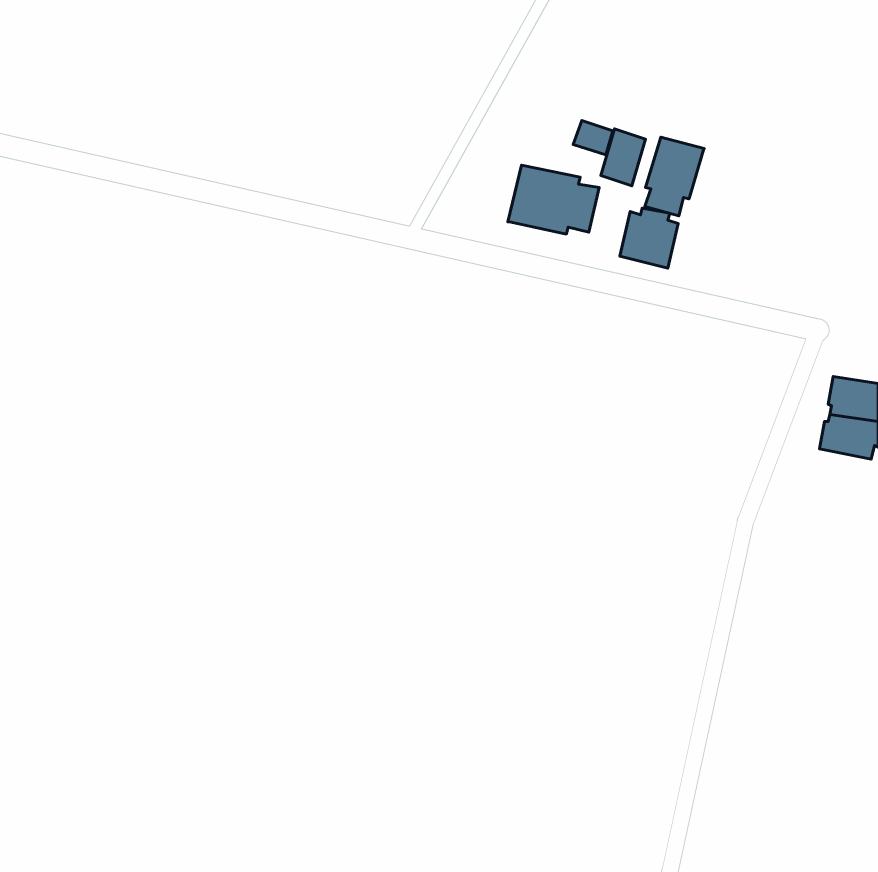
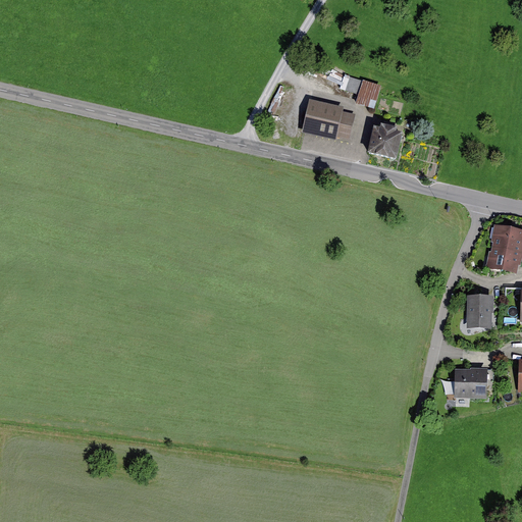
building: [645,137,704,216] -> none
building: none -> [466,294,493,327]
building: none -> [454,368,486,397]

